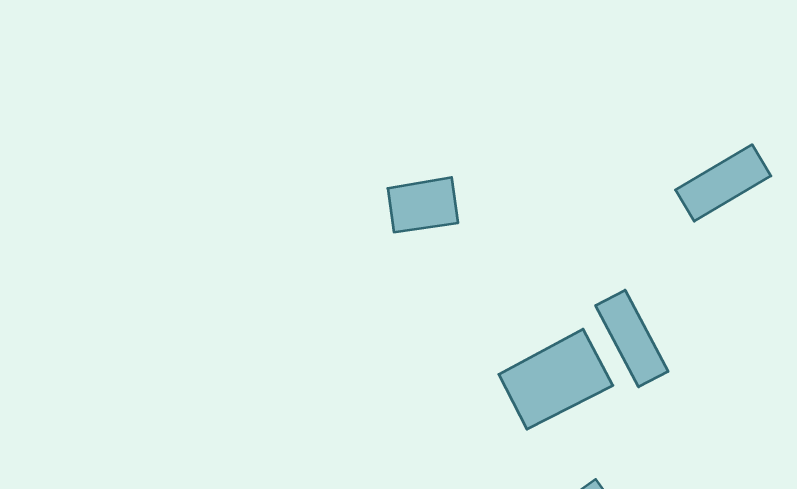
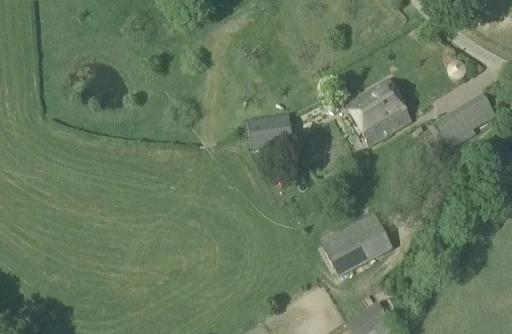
building: none -> [346,78,412,143]
building: [596,290,668,387] -> none

